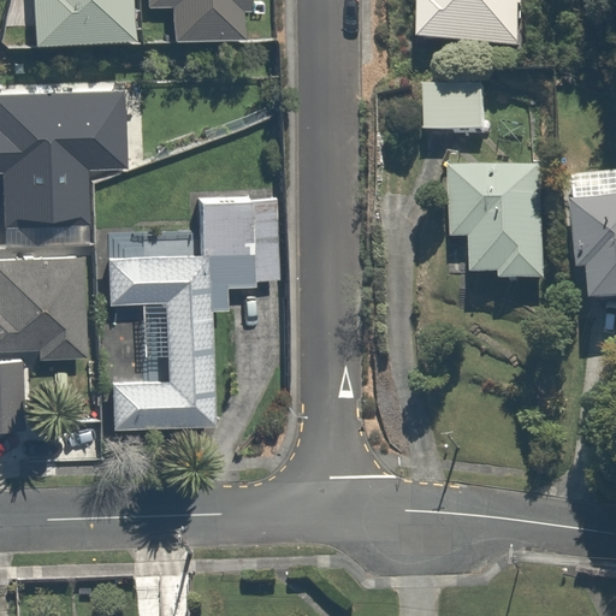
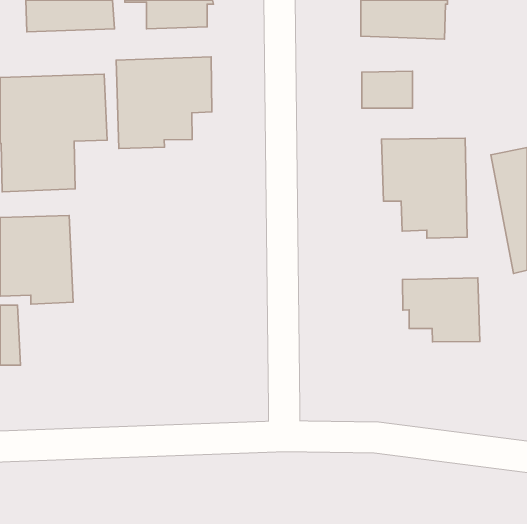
building: none -> [116,57,212,148]
building: [106,199,278,428] -> none
building: none -> [402,278,480,342]

